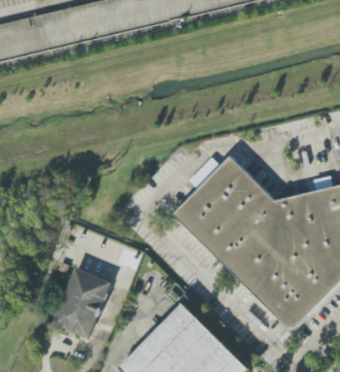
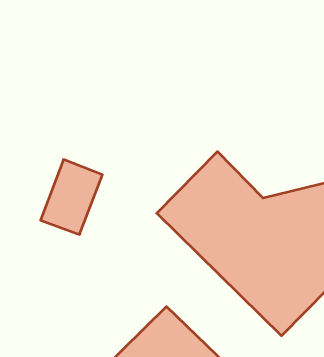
building: [52,268,110,339] -> [41,160,102,234]

